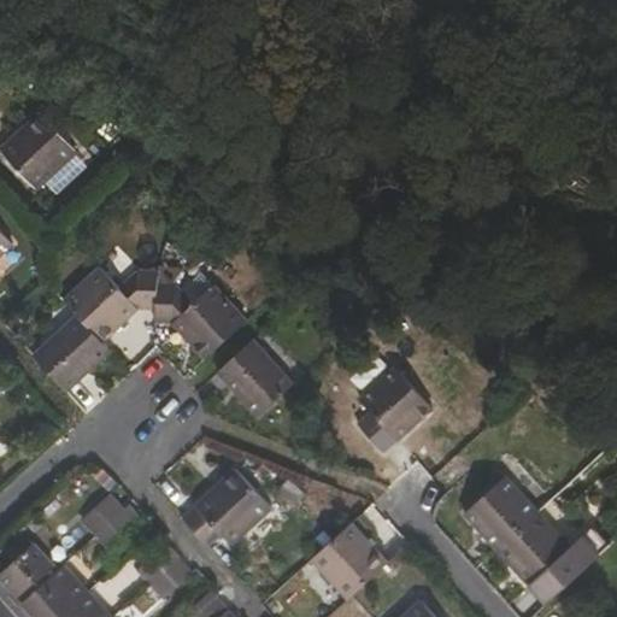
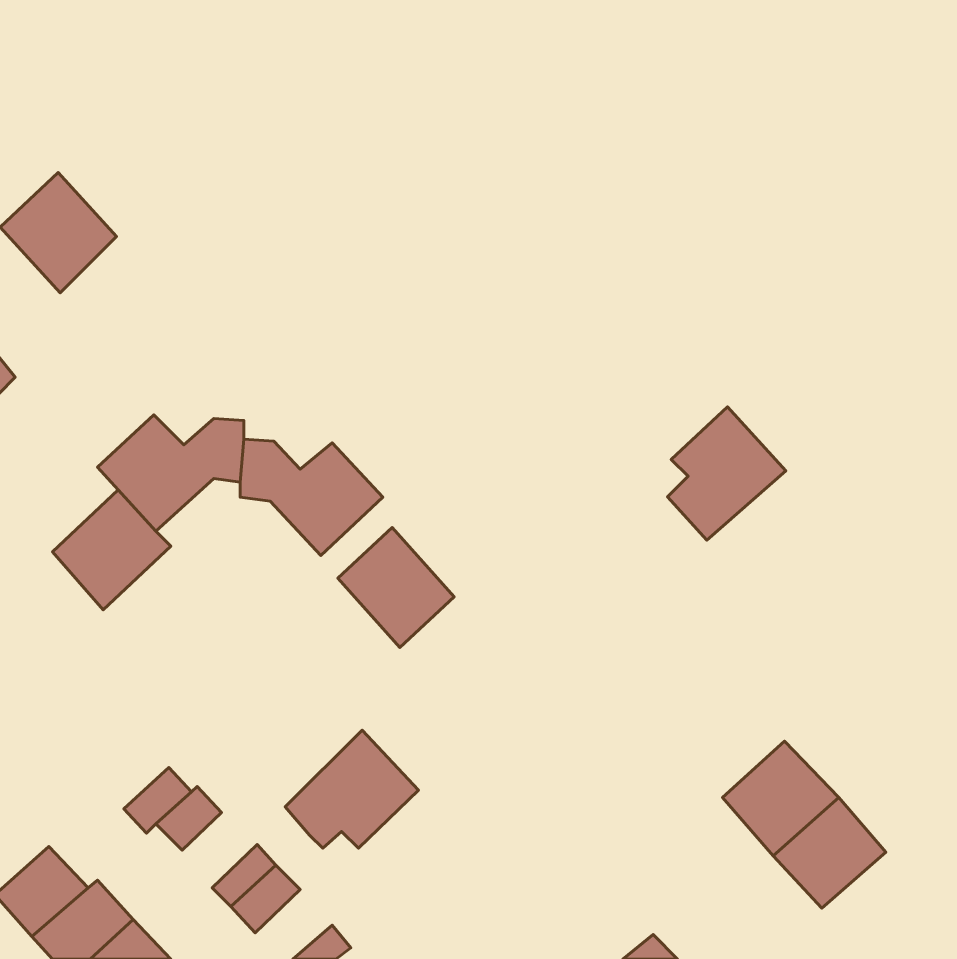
building: [357,366,433,452] -> [668,407,786,540]
building: [311,523,387,599] -> none
building: [528,540,594,601] -> none

